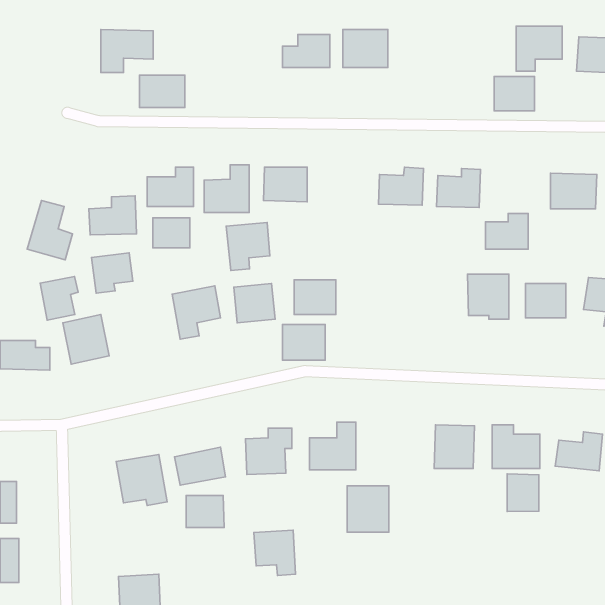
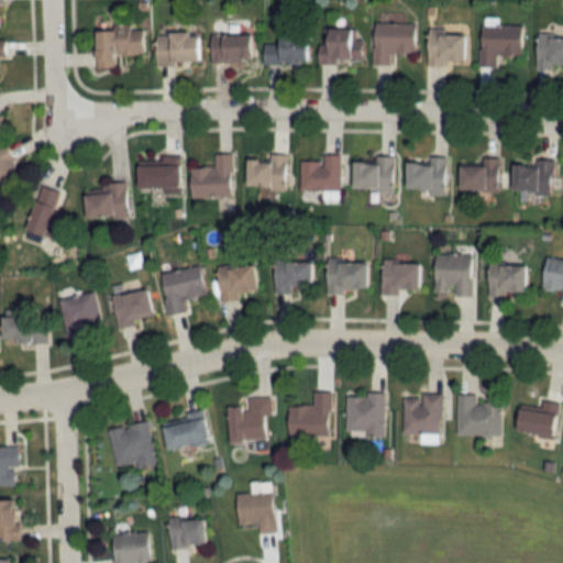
building: none -> [373,23,415,65]
building: none -> [210,35,252,63]
building: [140,75,185,107] -> [156,34,198,64]
building: [494,76,534,111] -> [428,33,465,65]
building: none -> [300,155,340,191]
building: [486,214,528,249] -> [460,158,499,191]
building: [153,218,190,248] -> none
building: [226,222,270,270] -> none
building: [91,253,133,293] -> [113,290,152,328]
building: [40,276,78,320] -> none
building: none -> [382,262,419,294]
building: [282,325,325,360] -> [327,261,366,294]
building: [507,474,539,511] -> none
building: [347,486,389,532] -> [346,394,385,437]
building: [186,495,224,527] -> [170,519,206,549]

